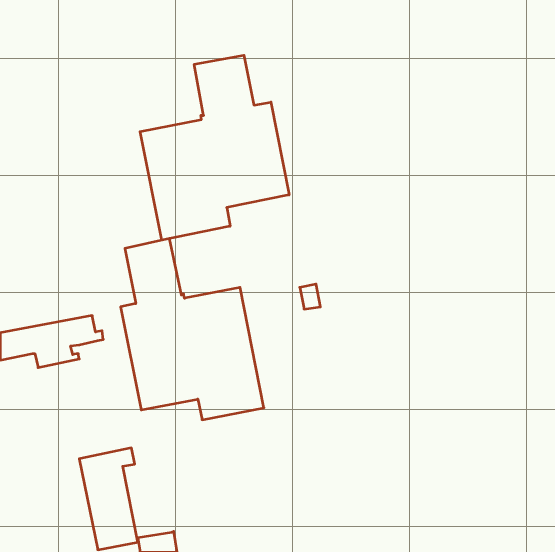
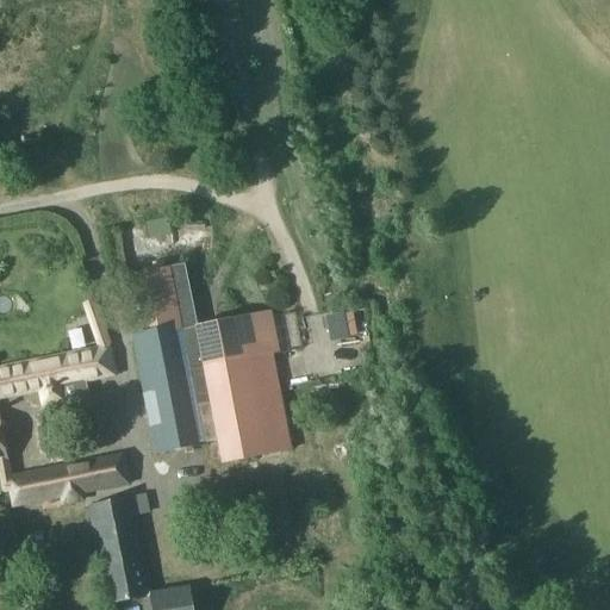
building: [140,55,289,240] -> none
building: none -> [7,453,127,504]

